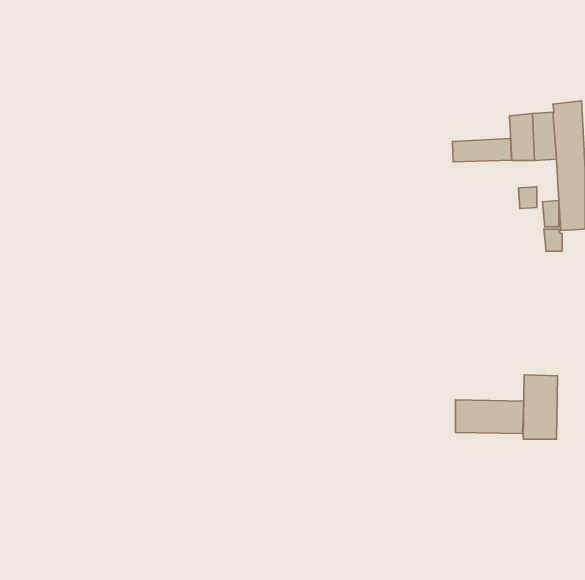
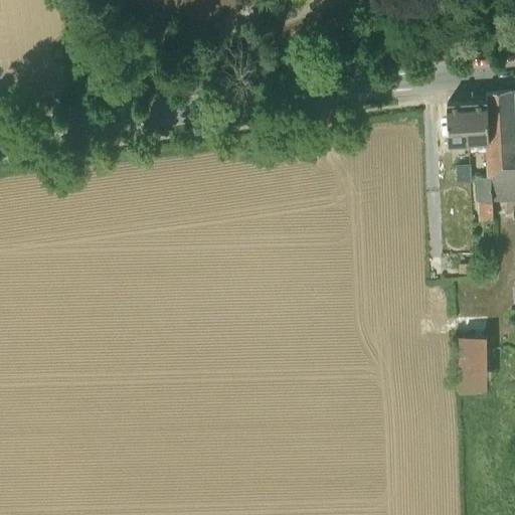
building: [452,139,512,162] -> none
building: [455,400,524,434] -> none

